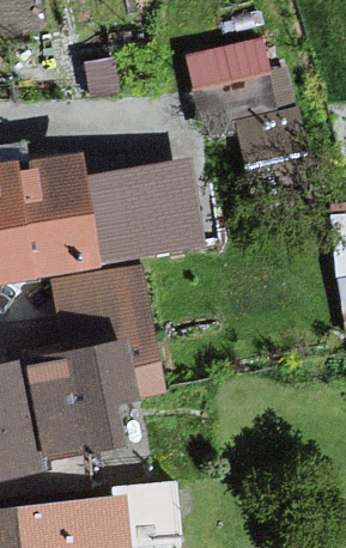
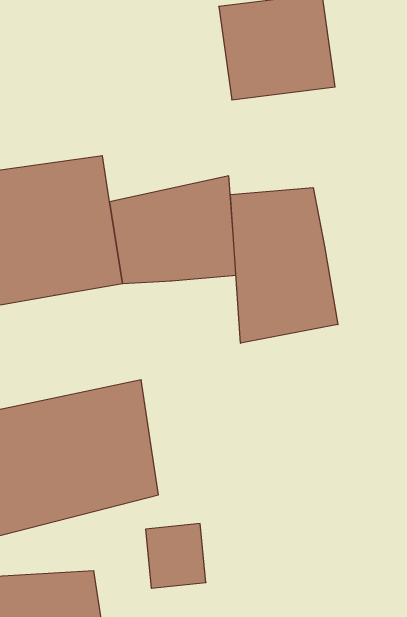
building: none -> [231,188,338,343]
building: [48,262,175,409] -> none

